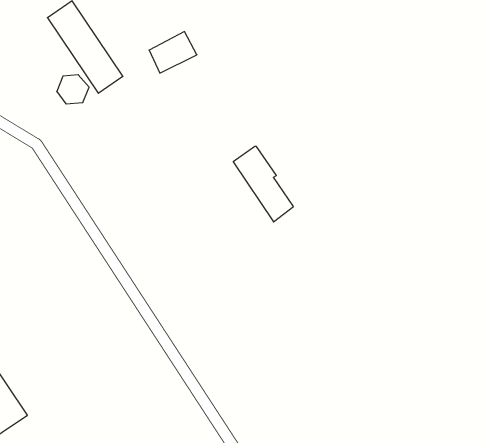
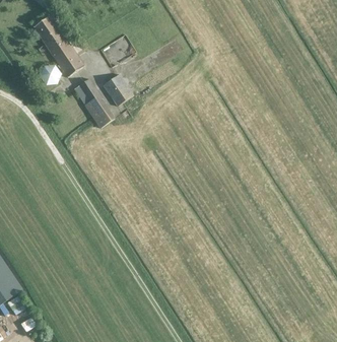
building: none -> [103,75,132,107]
building: [233,146,293,222] -> [73,79,113,129]

